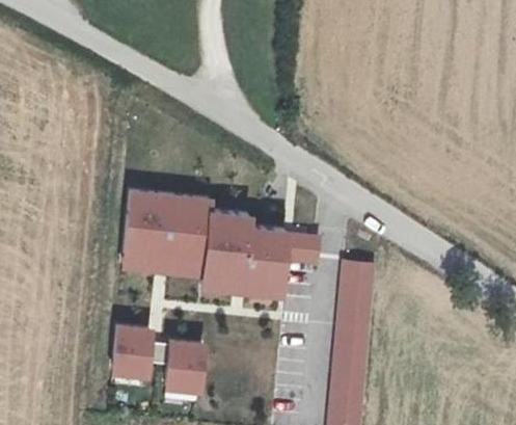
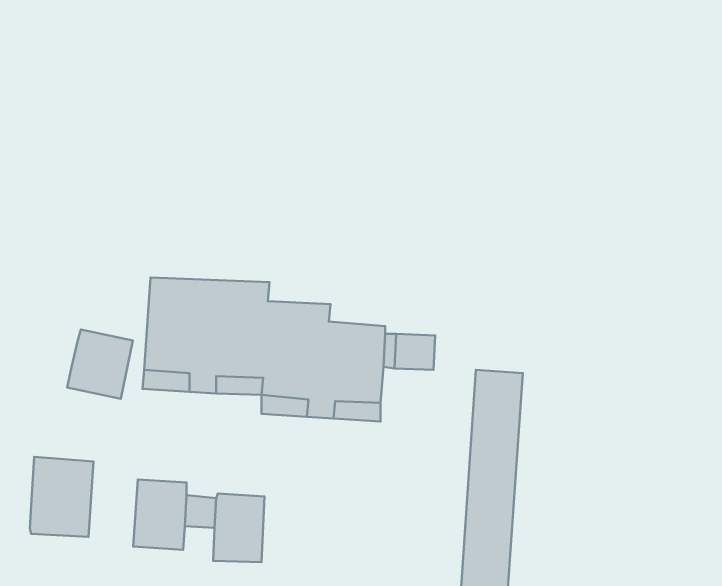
building: none -> [67,330,133,399]
building: none -> [30,457,93,537]

